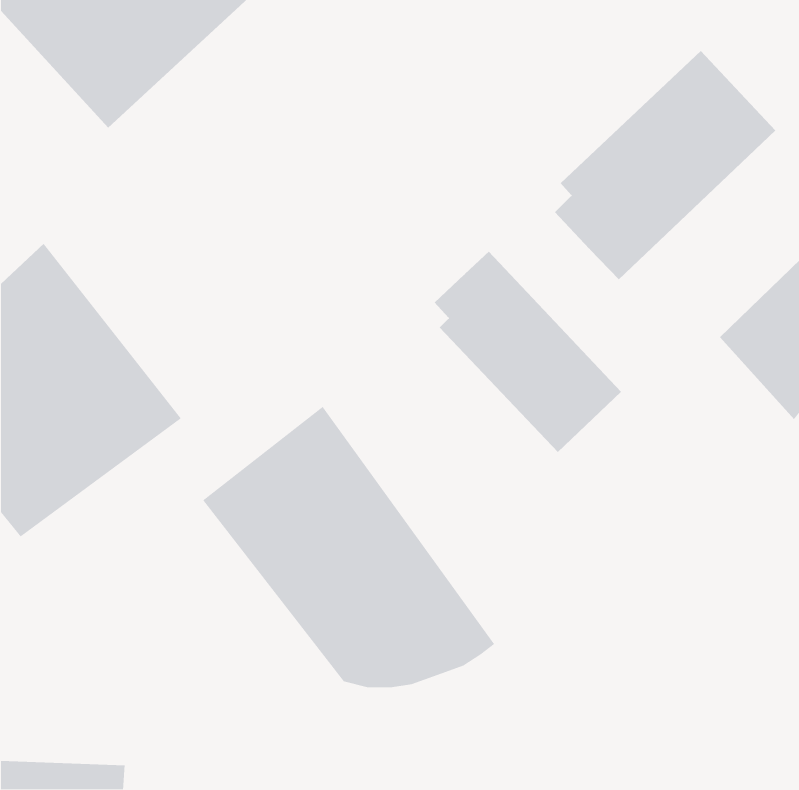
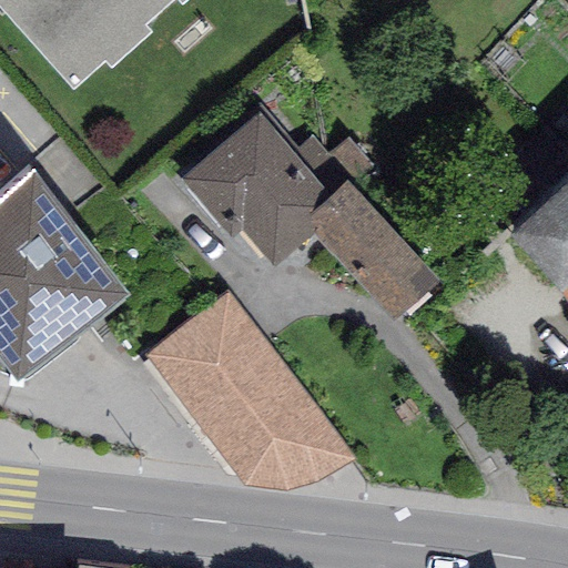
building: [554,50,776,280] -> none
building: none -> [181,111,329,264]

